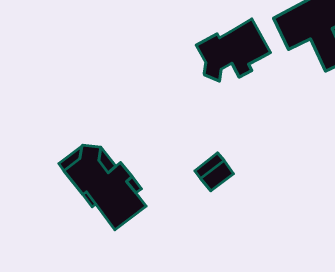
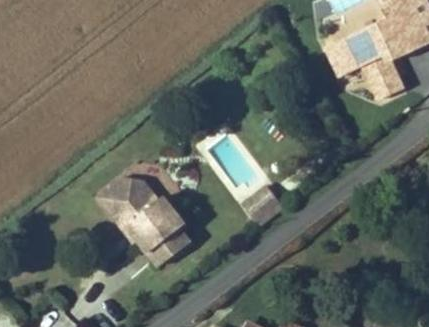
building: [196,19,271,81] -> none

